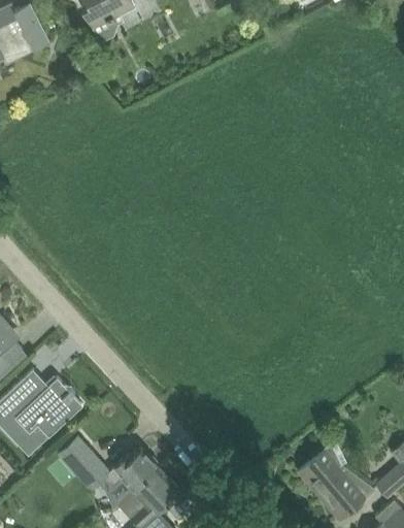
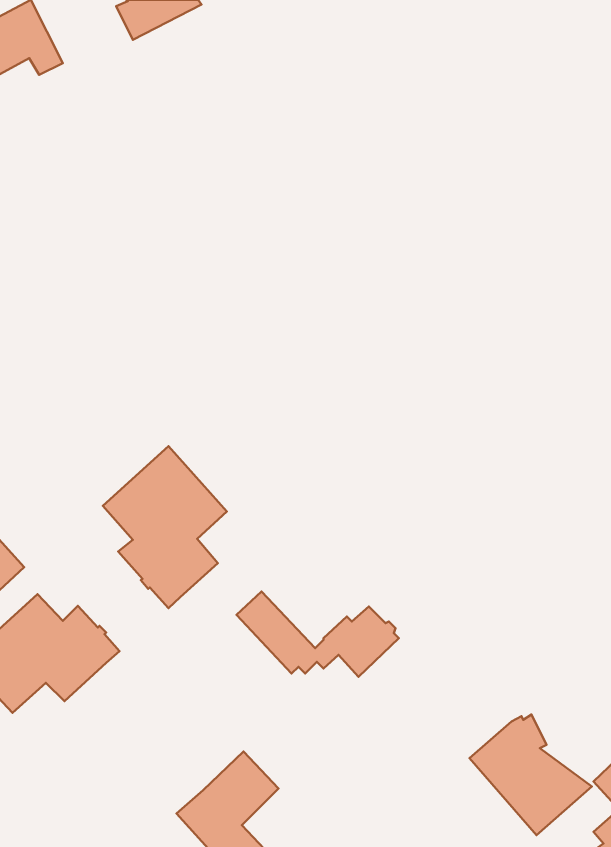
building: none -> [103,446,227,608]
building: [60,438,160,491] -> [236,591,399,677]

